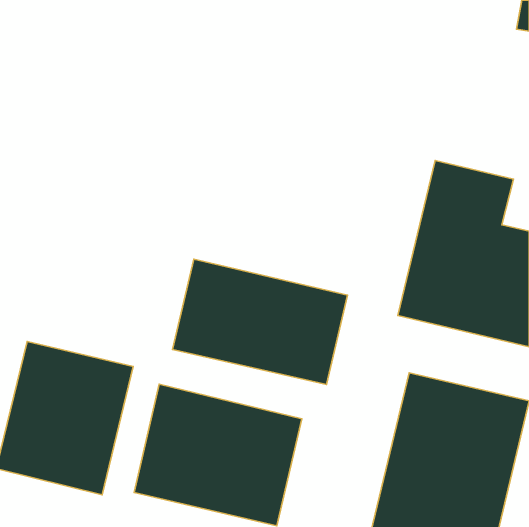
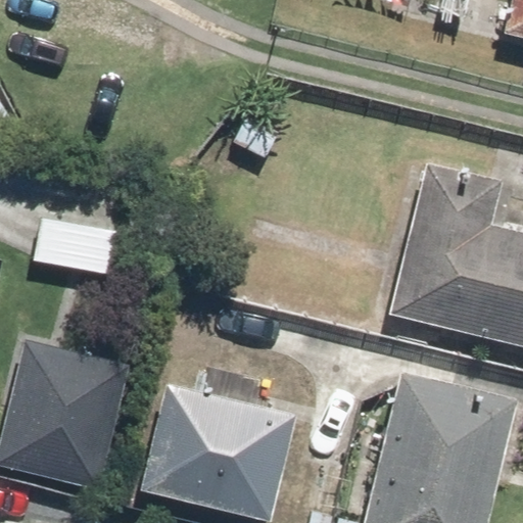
building: [173,259,348,385] -> none

